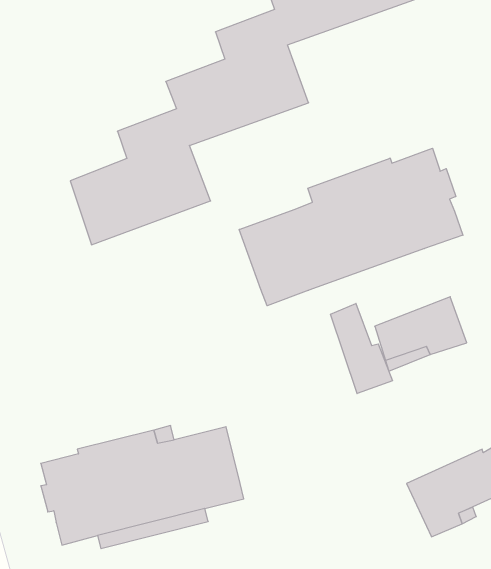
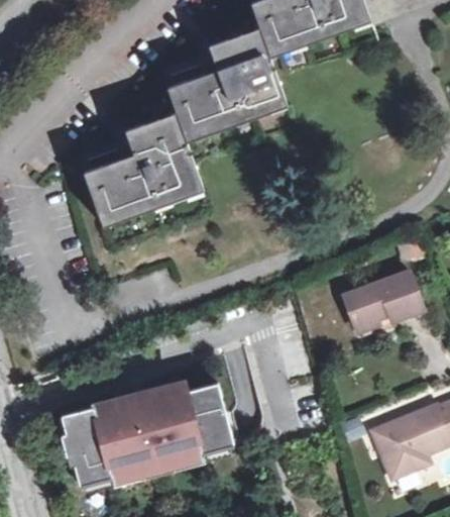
building: [239,148,463,306] -> none
building: [331,303,393,394] -> none

